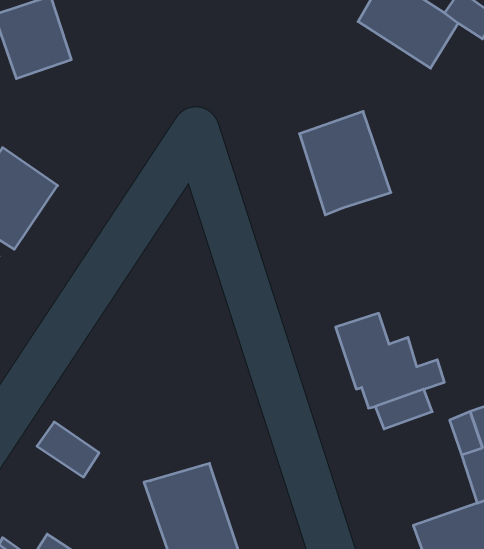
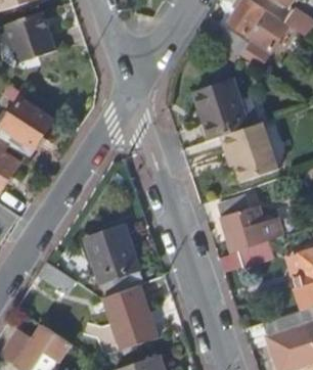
building: none -> [220,121,277,180]
building: none -> [87,224,145,296]

